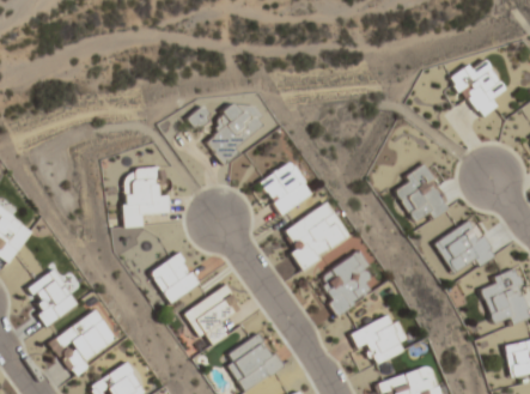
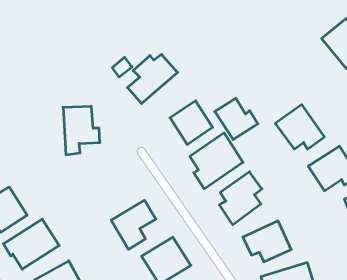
building: none -> [215,98,258,140]
building: [150,253,200,302] -> none

